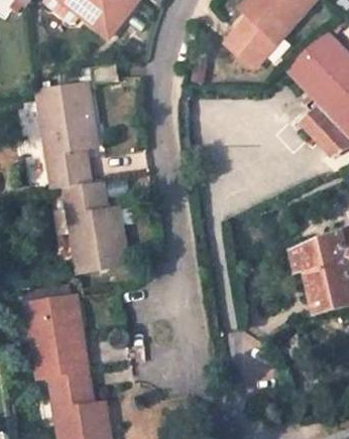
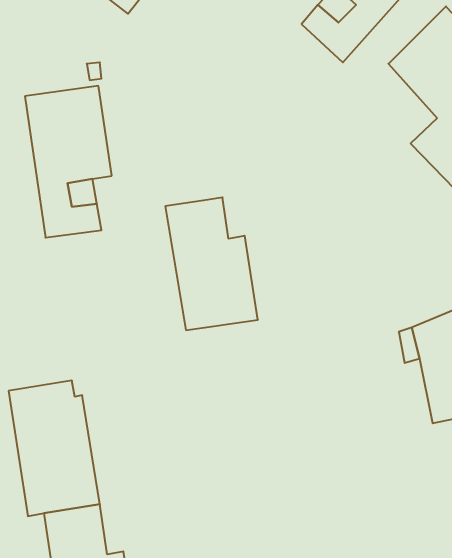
building: [63,181,126,272] -> [165,197,258,330]

